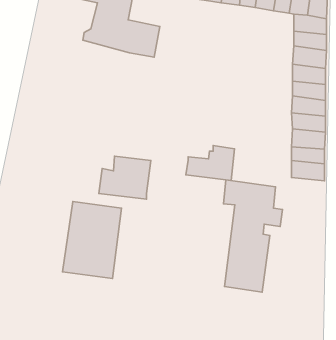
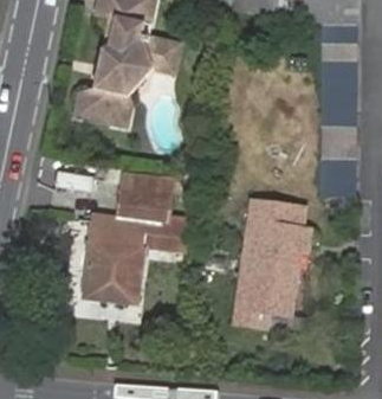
building: none -> [76,52,151,123]
building: [186,145,235,181] -> [141,212,192,249]

